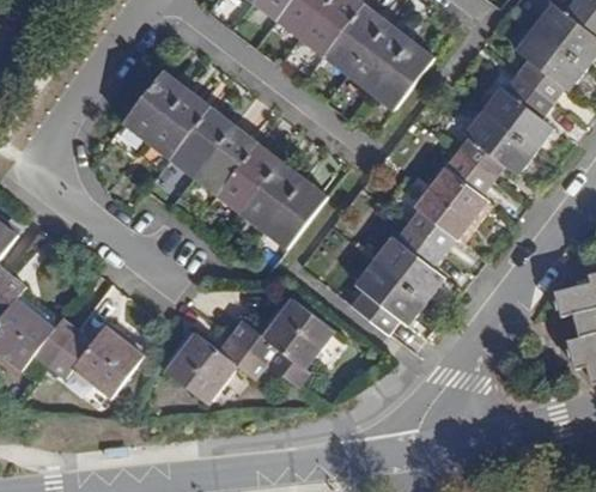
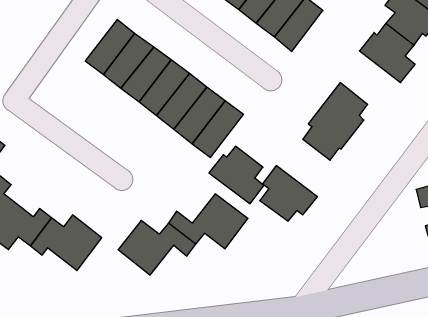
building: [456,110,535,181] -> none
building: [372,226,444,302] -> [209,146,264,204]

